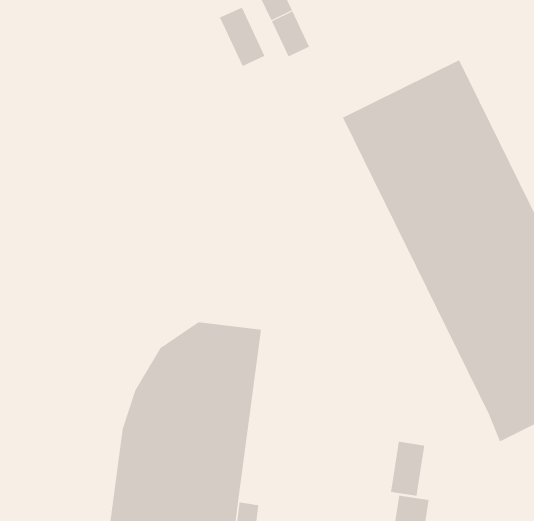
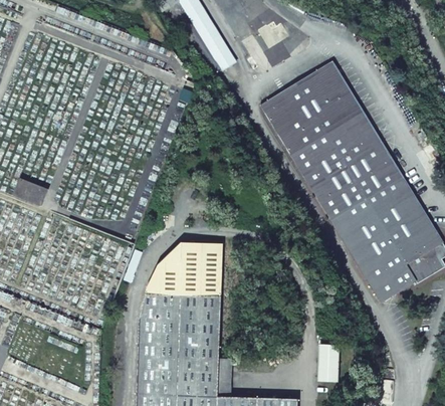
building: [219,7,265,67] -> none
building: [391,441,425,497] -> none

